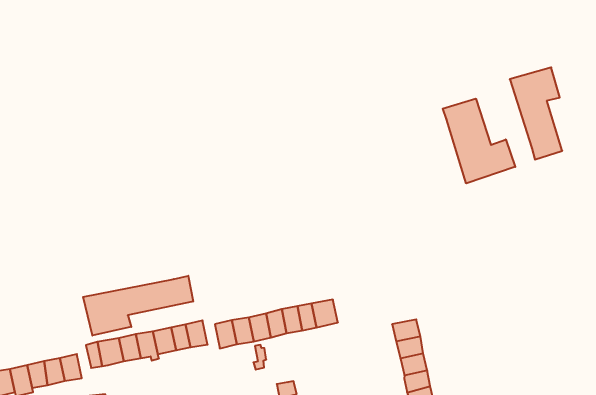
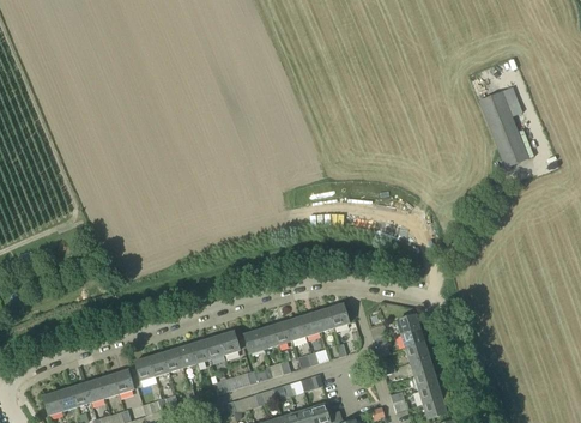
building: [443,99,515,183] -> none
building: [83,276,193,336] -> none

